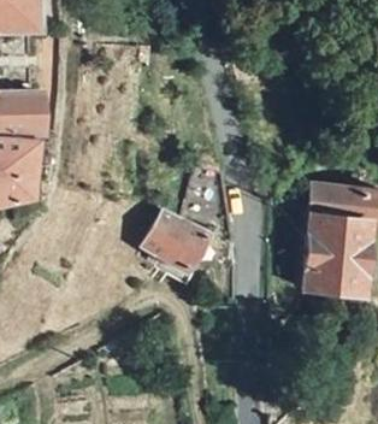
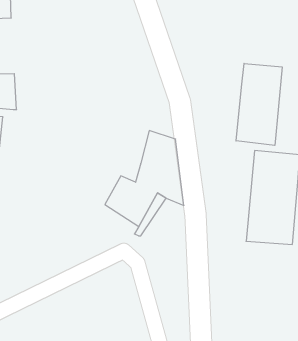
building: none -> [236,63,282,145]

